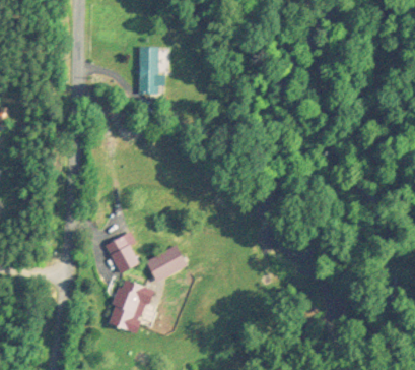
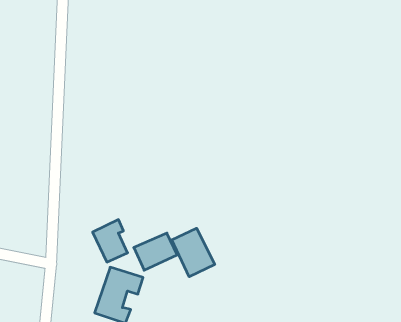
building: [141,48,159,92] -> none
building: none -> [172,228,215,277]

